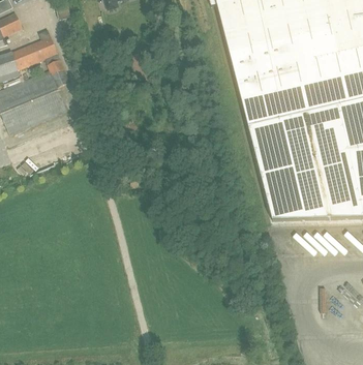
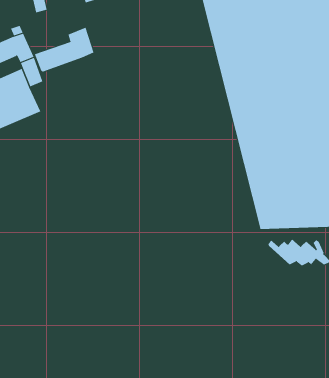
building: none -> [34,27,94,73]

